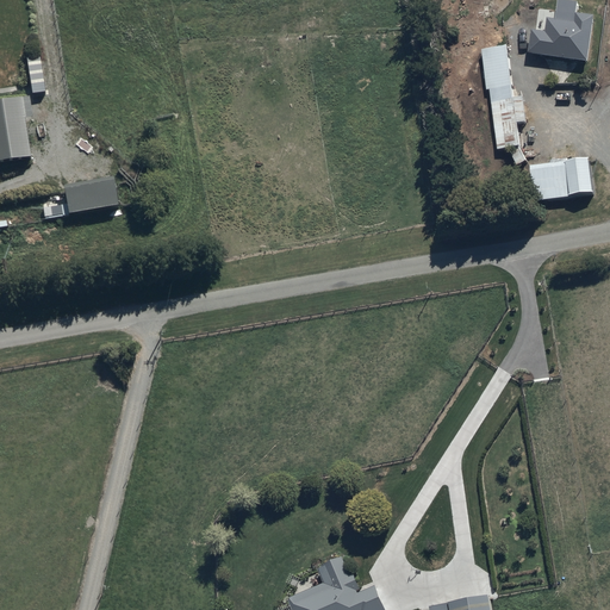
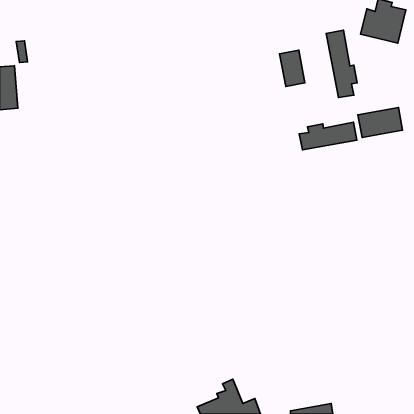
building: none -> [280,50,305,86]
building: [42,179,114,217] -> none
building: none -> [299,122,357,150]

